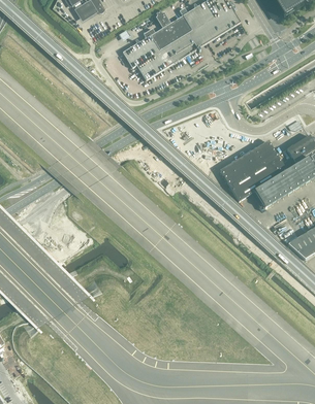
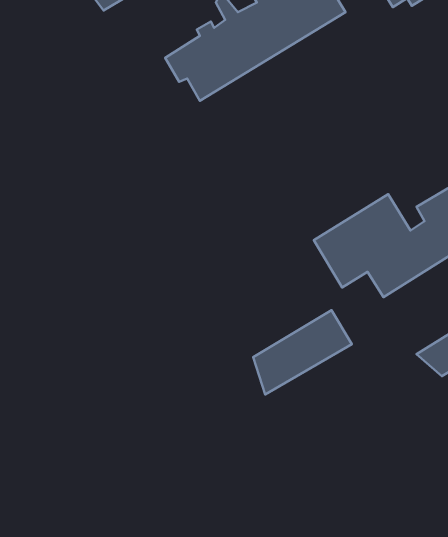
building: none -> [253,310,352,394]

